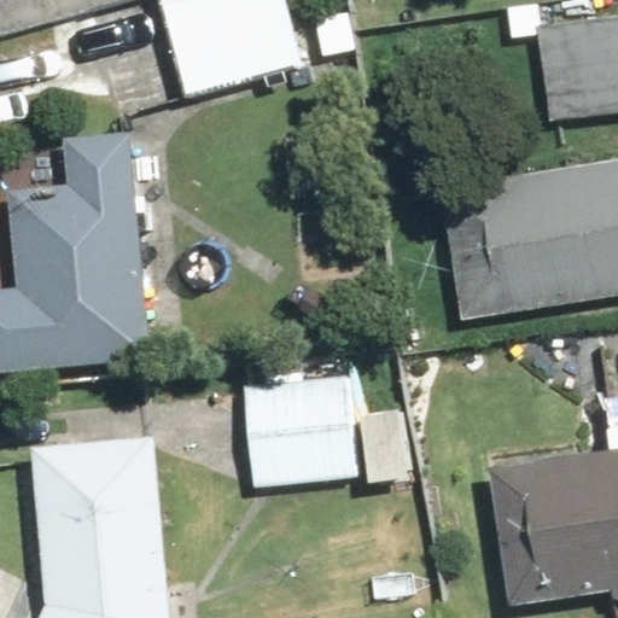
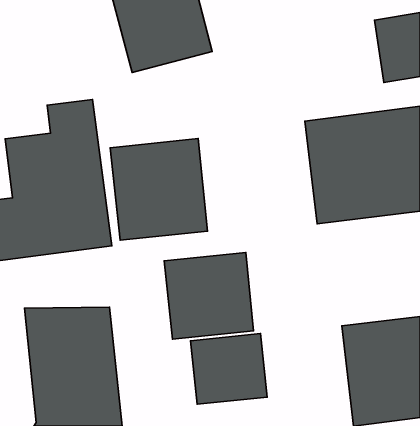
building: none -> [110,139,207,240]
building: none -> [191,333,267,404]

